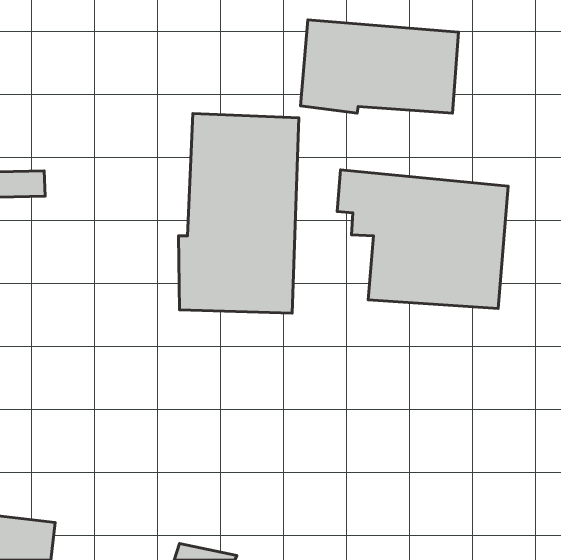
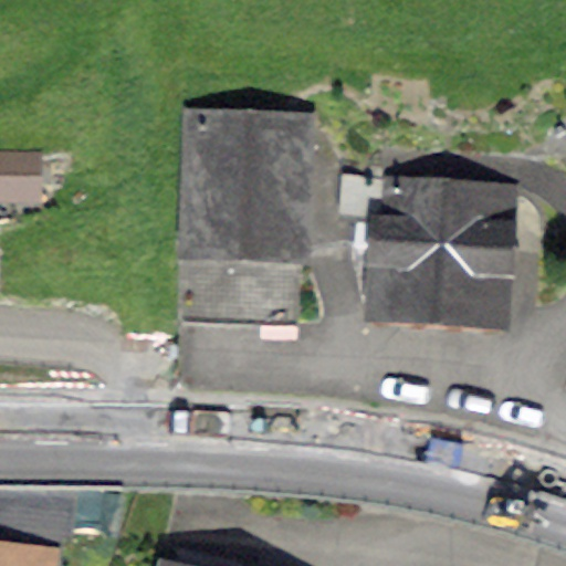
building: [301,20,459,113] -> none

